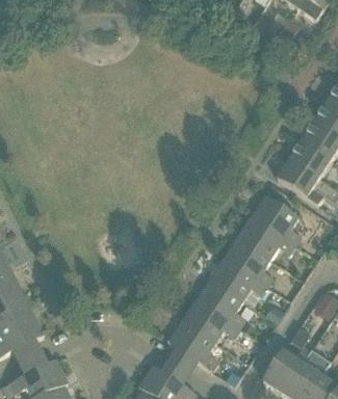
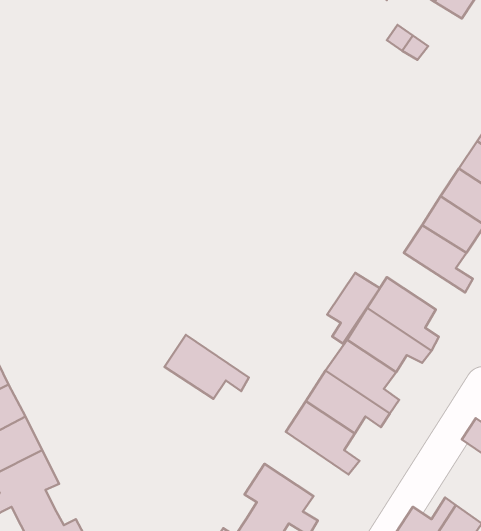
building: none -> [327,273,380,343]
building: [181,299,238,343] -> [165,335,249,399]

